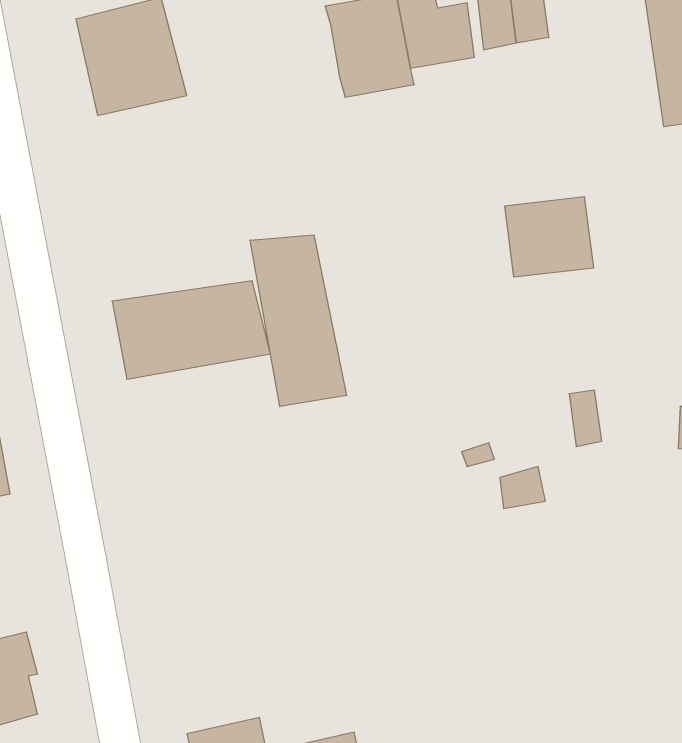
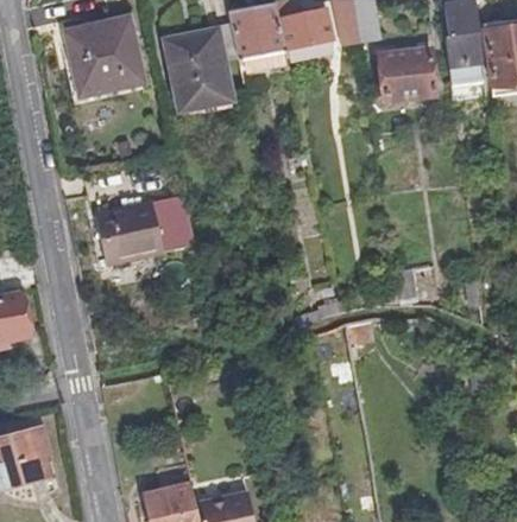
building: none -> [166,28,241,114]
building: [505,197,594,277] -> [376,49,434,101]
building: [250,235,347,407] -> none

